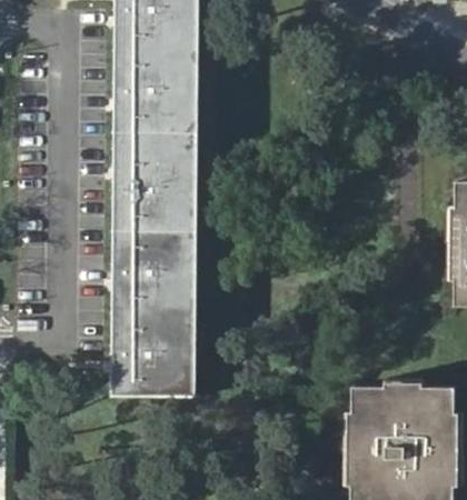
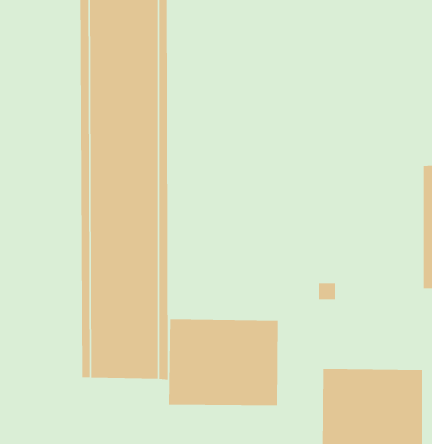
building: none -> [168,318,278,406]

